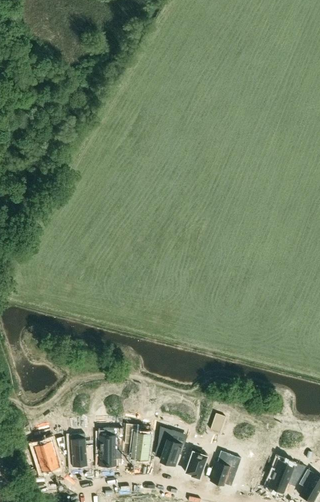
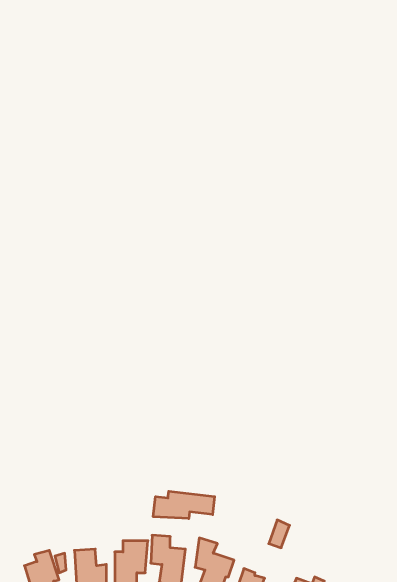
building: none -> [153,491,215,519]

